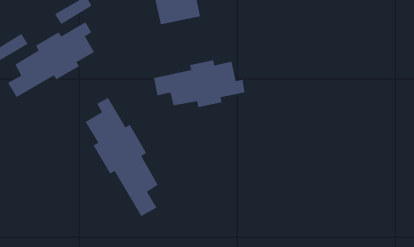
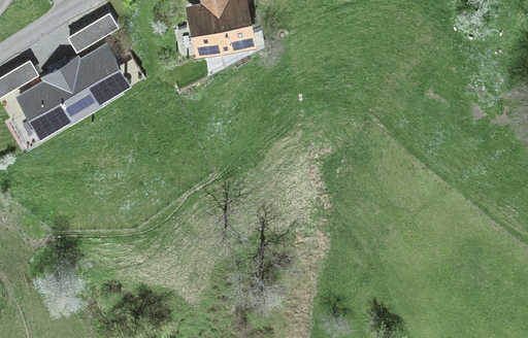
building: [154,60,245,108] -> none
building: [85,97,159,217] -> none

